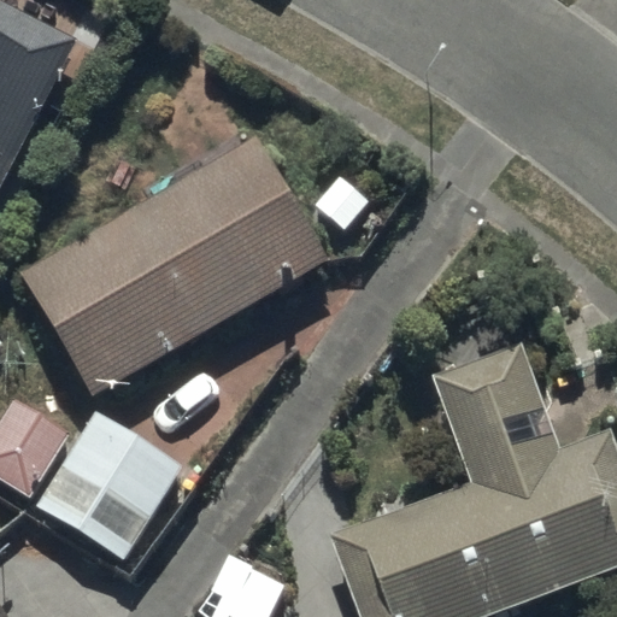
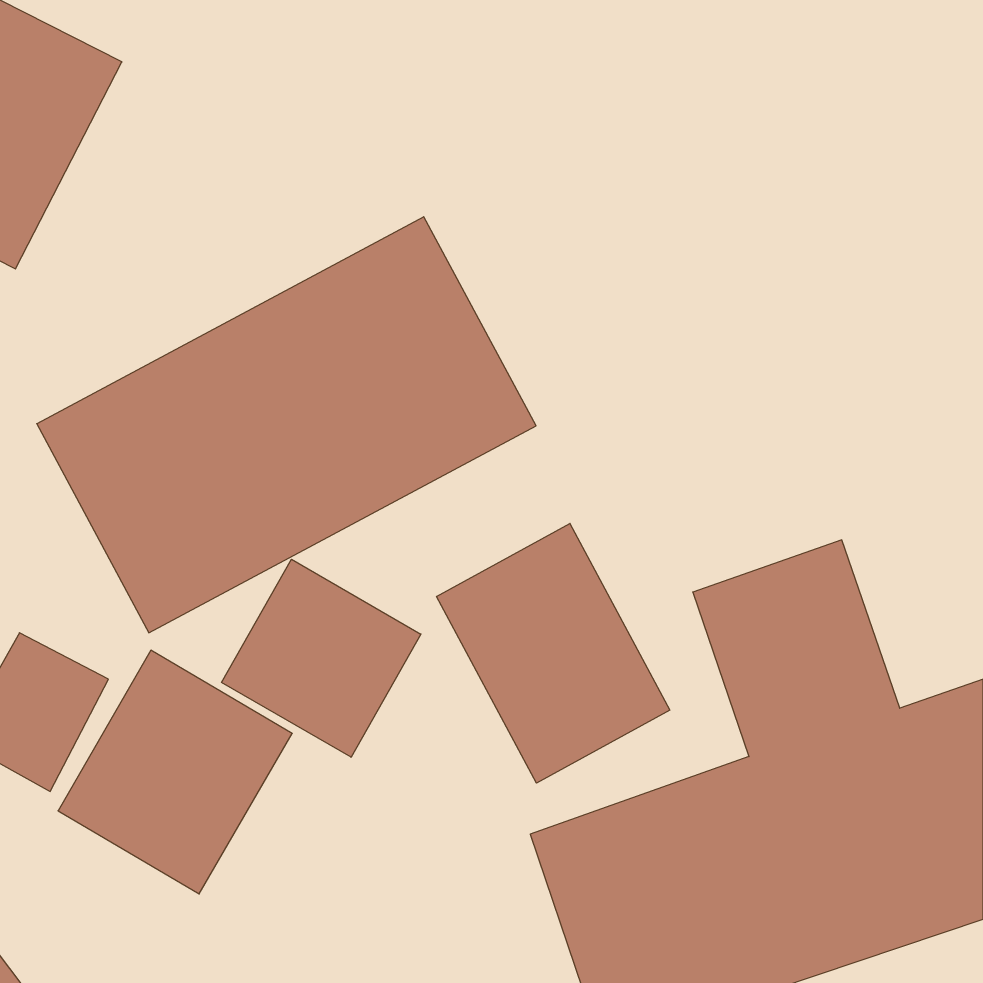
building: none -> [437,523,670,783]
building: none -> [222,559,421,757]

